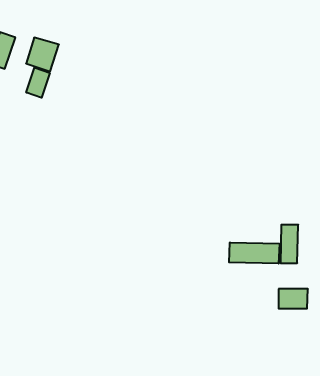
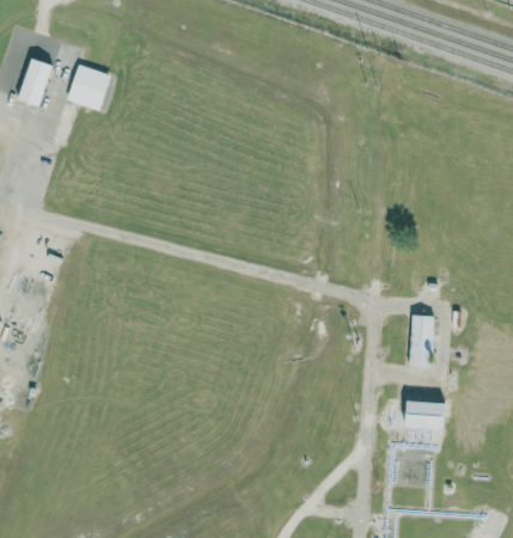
building: [26,68,50,98] -> none
building: [229,242,279,264] -> none

